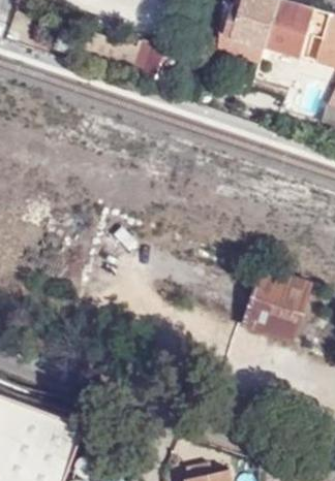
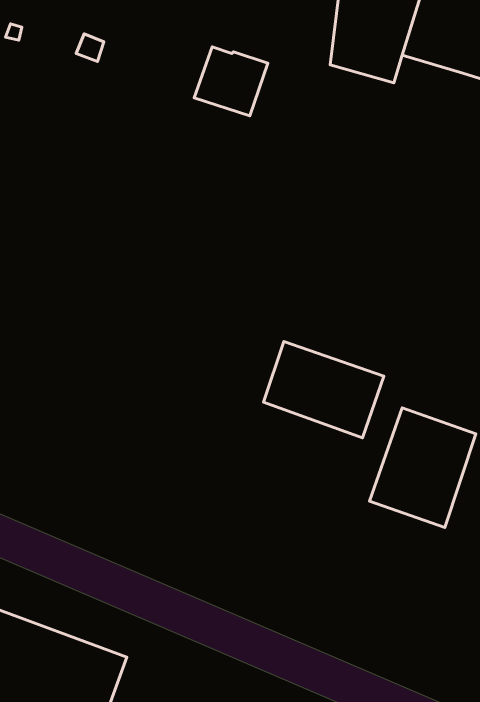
building: none -> [264,342,384,438]

